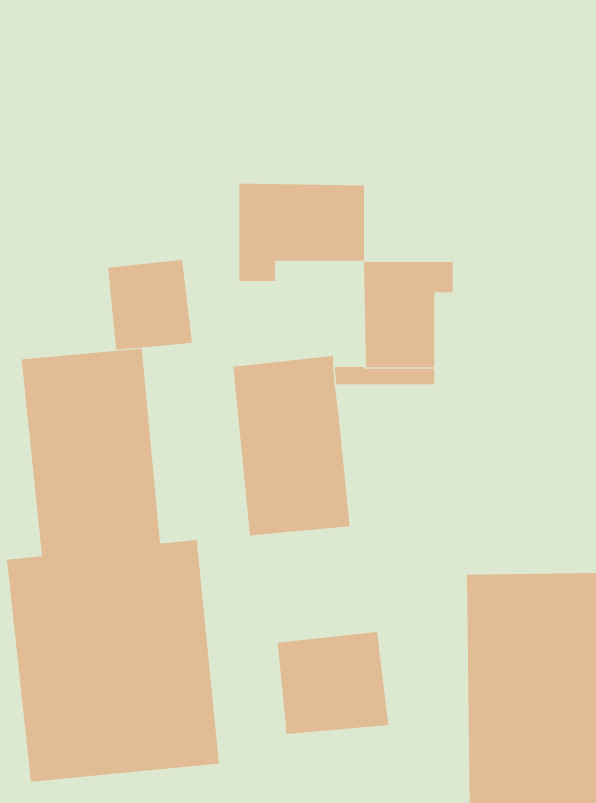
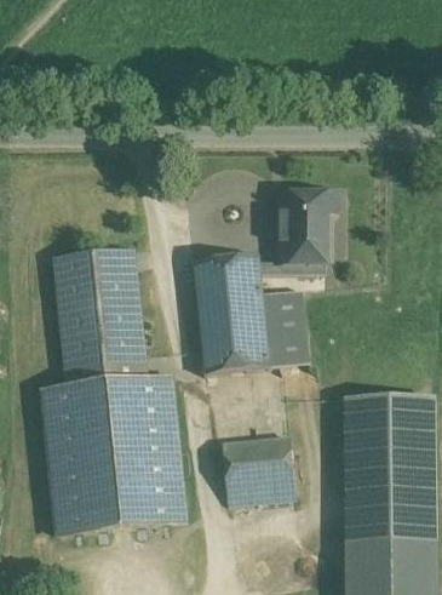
building: [239,183,365,282] -> none
building: [108,259,192,350] -> none
building: none -> [263,288,310,366]

